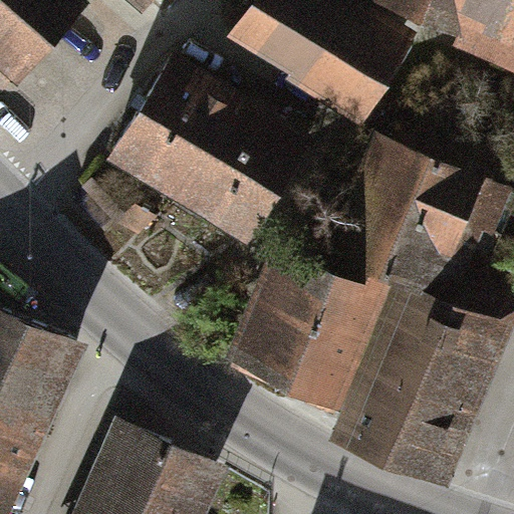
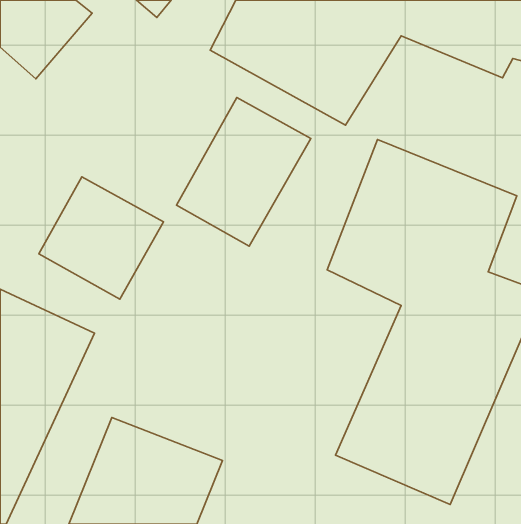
building: [104,55,235,201] -> none
building: none -> [39,177,164,299]
building: [217,257,380,419] -> none

